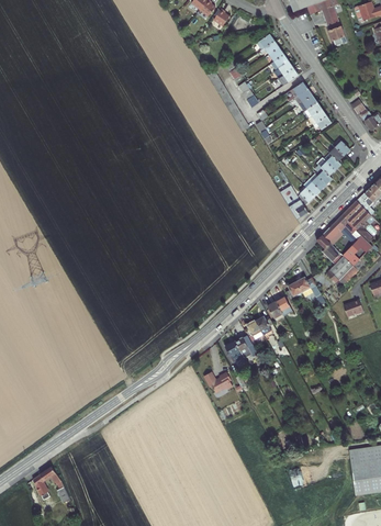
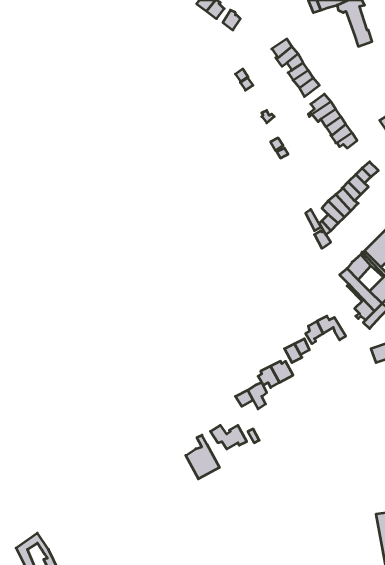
building: none -> [186,435,219,479]

